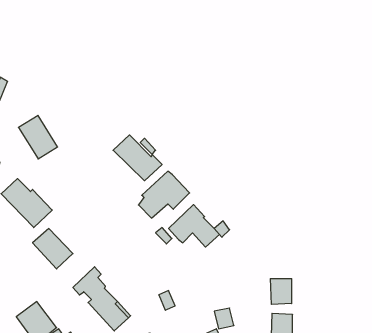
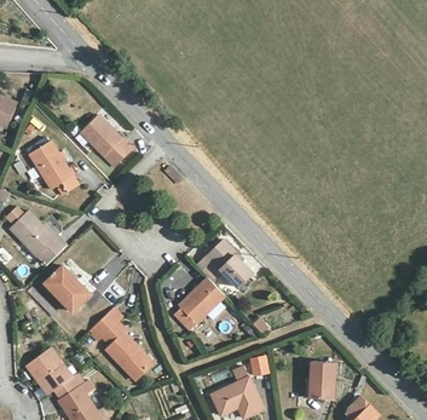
building: [113,135,162,181] -> [79,115,133,166]
building: [138,171,190,218] -> [173,278,230,330]
building: [270,279,292,304] -> none

